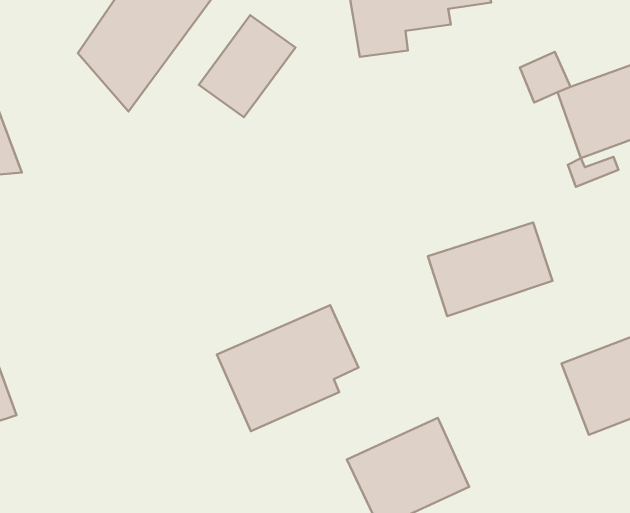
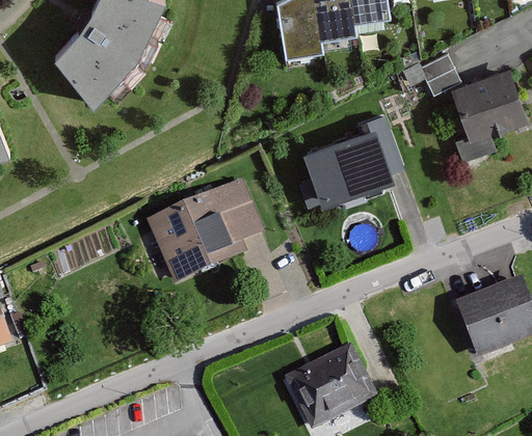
building: [199,15,295,117] -> none
building: [428,223,553,316] -> [301,126,401,200]
building: [217,305,359,431] -> [148,182,261,282]

